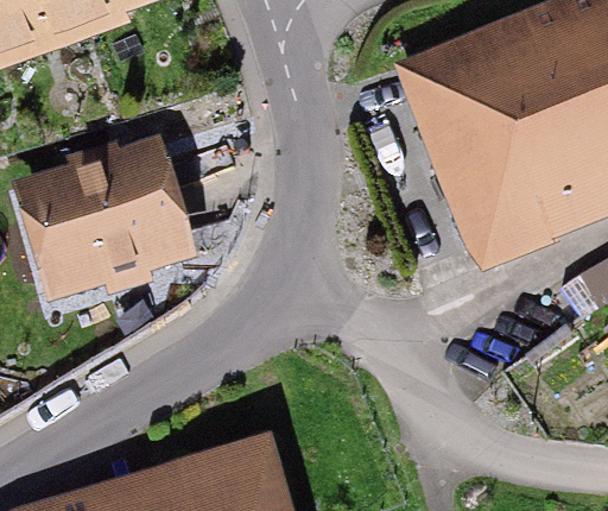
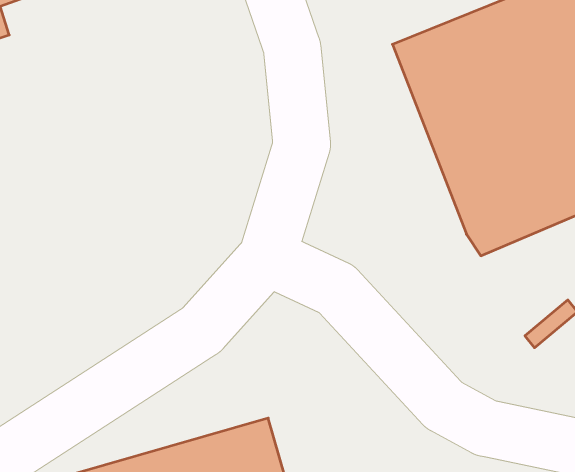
building: [11,138,198,303] -> none

